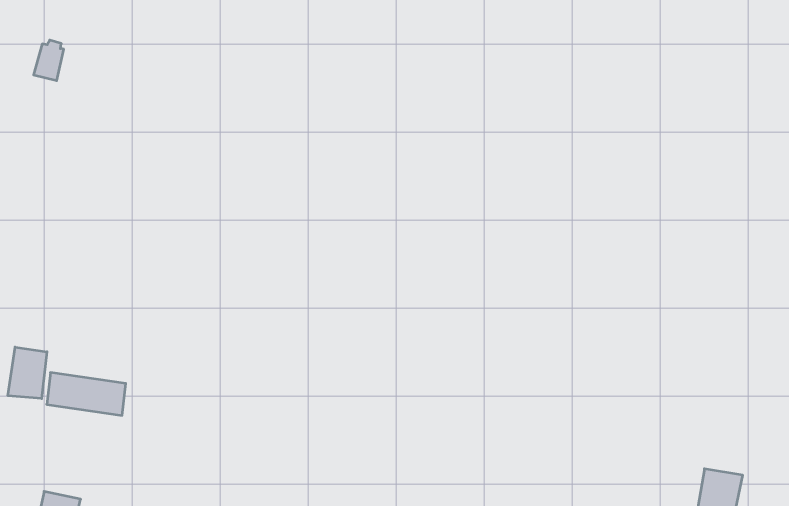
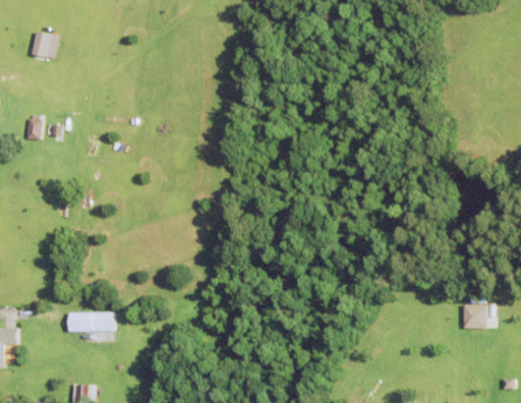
building: [8,347,47,399] -> none

